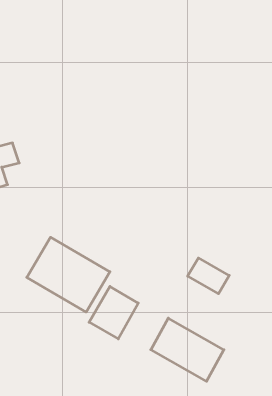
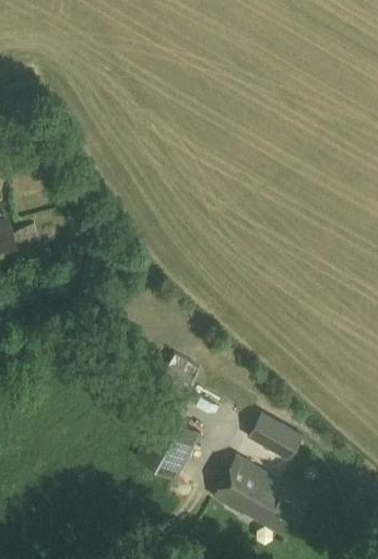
building: [27,237,110,312] -> none
building: [188,258,229,294] -> [247,415,302,462]

